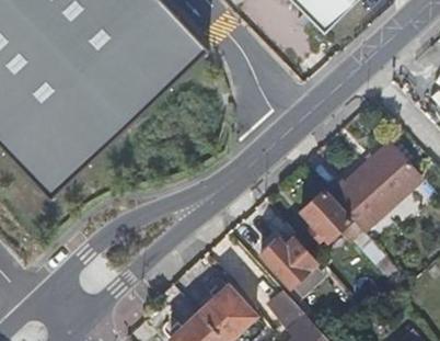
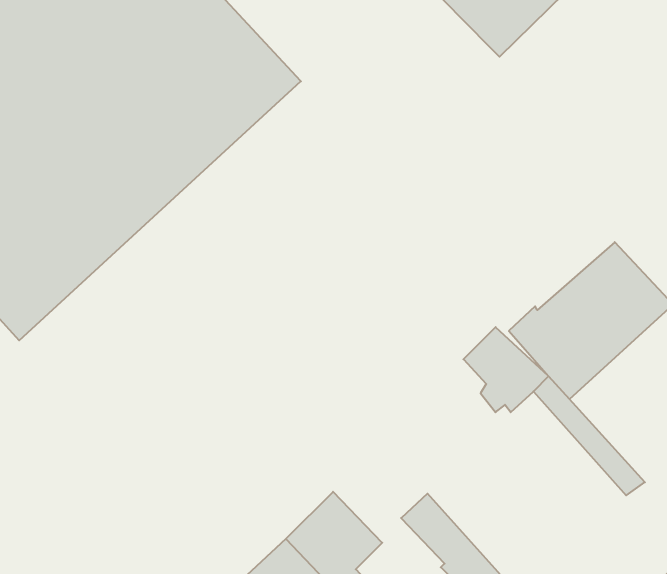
building: [257,235,316,286] -> none

